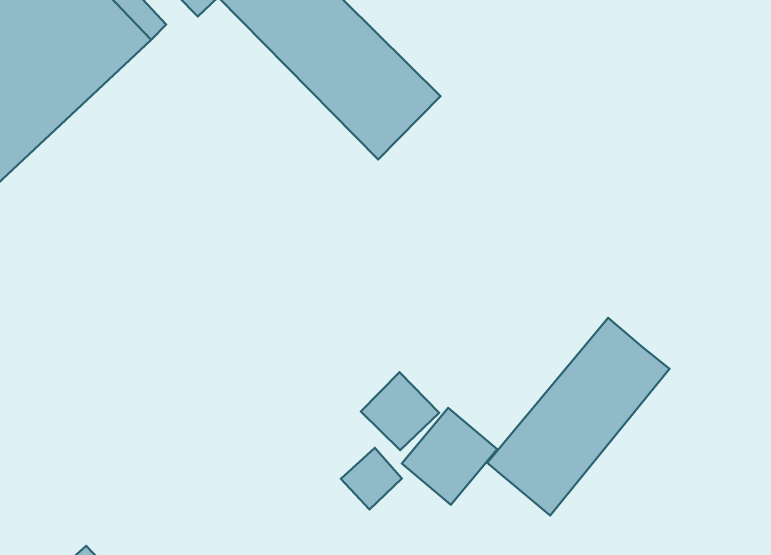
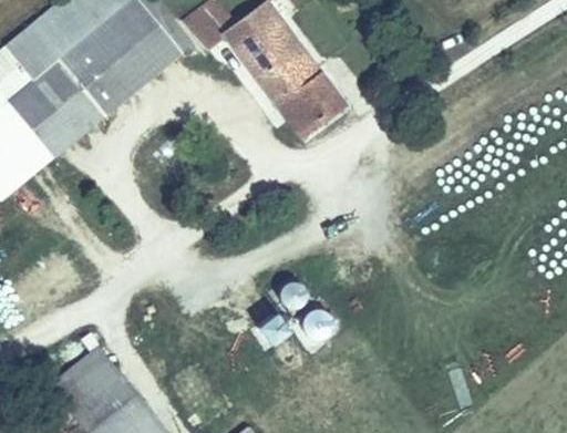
building: [487,318,669,516] -> none

